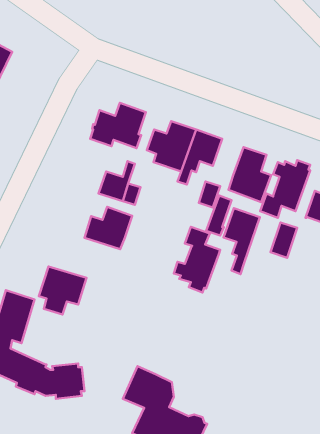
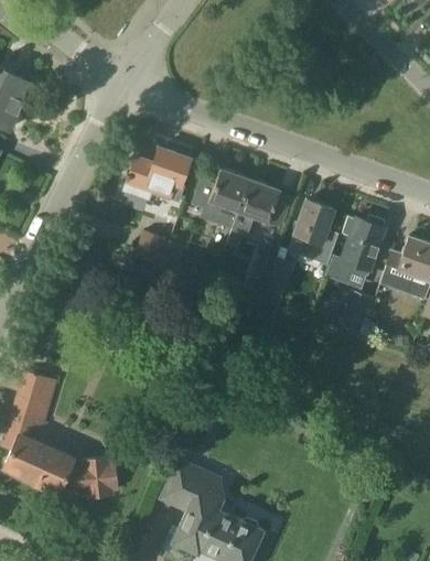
building: [85,207,132,249] -> none
building: [223,208,260,274] -> none
building: [174,227,220,292] -> none
building: [39,266,87,314] -> none

